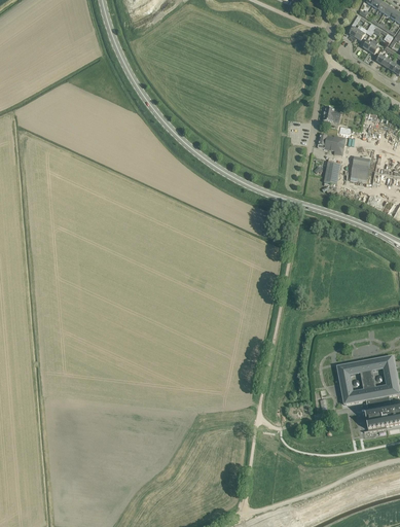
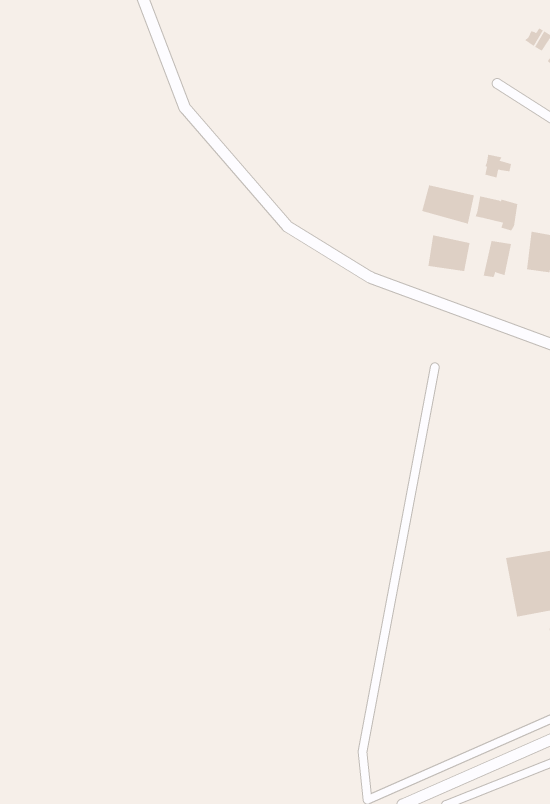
building: none -> [421,184,474,225]
building: none -> [428,235,470,272]

